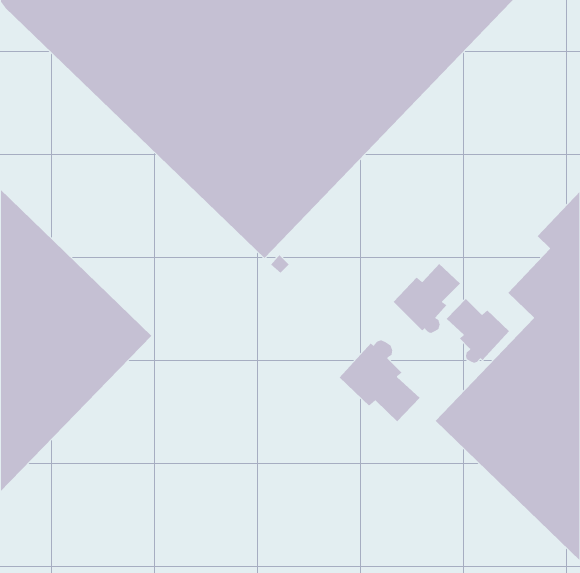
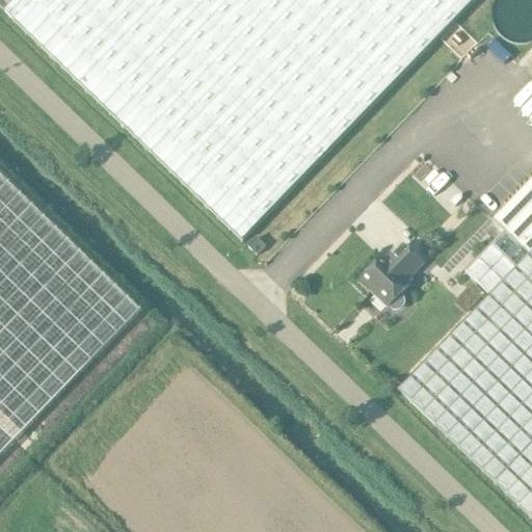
building: [446,298,510,364] -> none
building: [339,340,421,422] -> none

